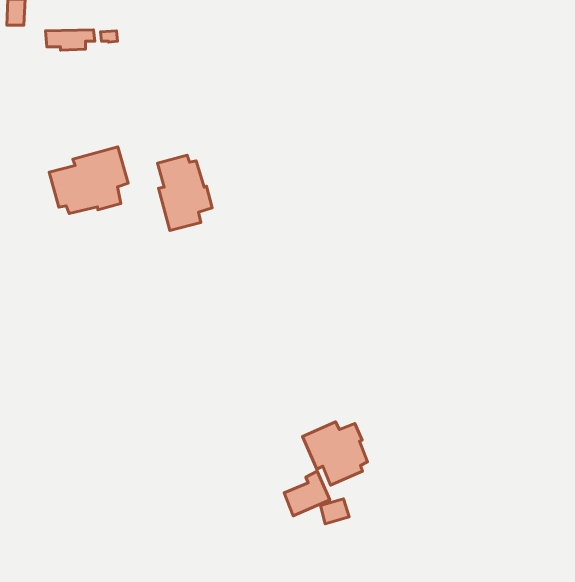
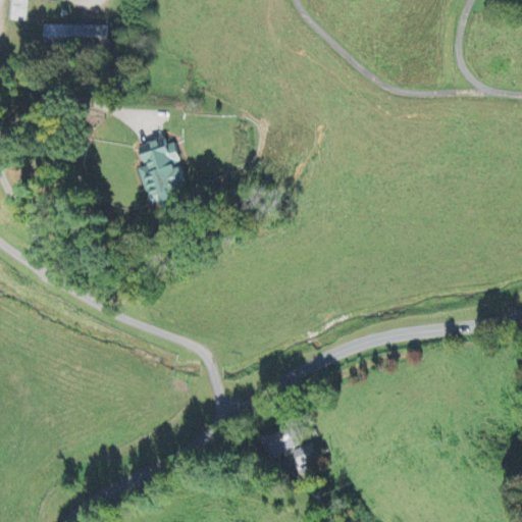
building: [49,147,128,213] -> none
building: [303,422,367,485] -> none

